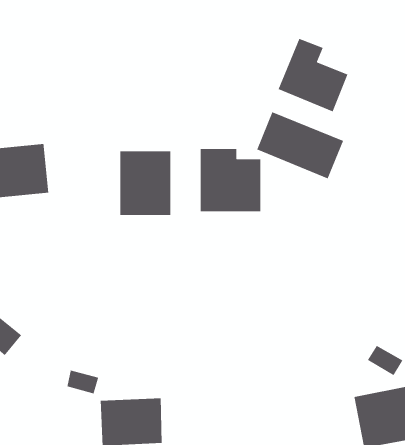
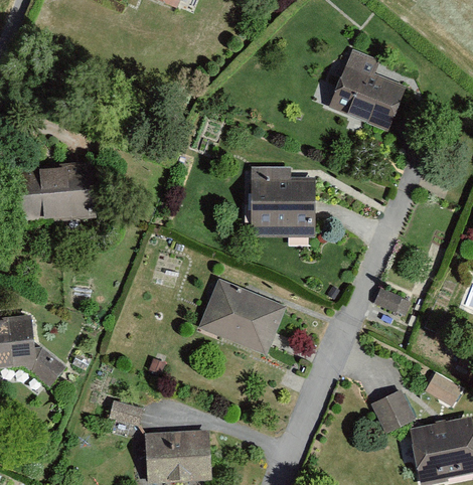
building: [256,111,344,179] -> none
building: [120,151,171,216] -> none
building: none -> [196,277,288,357]
building: none -> [373,389,414,430]

